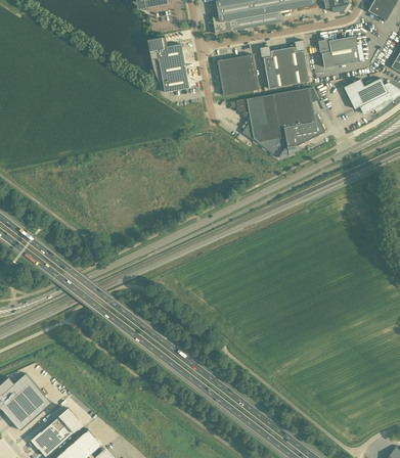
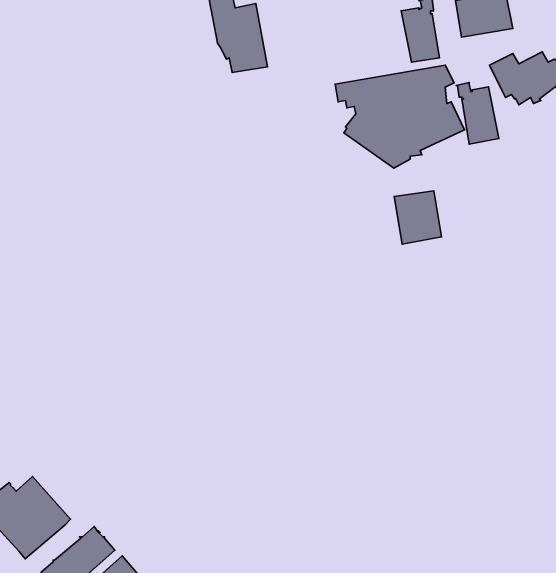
building: [259,46,288,89] -> [456,83,499,144]
building: [216,54,258,96] -> none
building: none -> [394,191,441,244]

